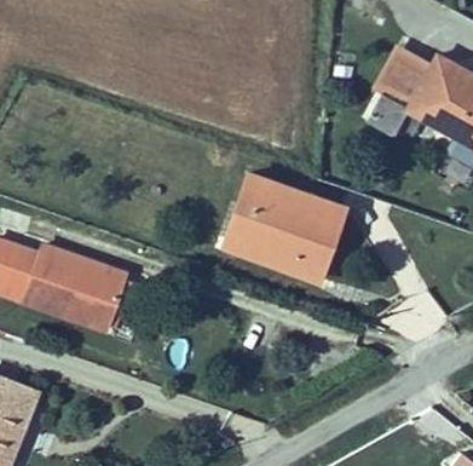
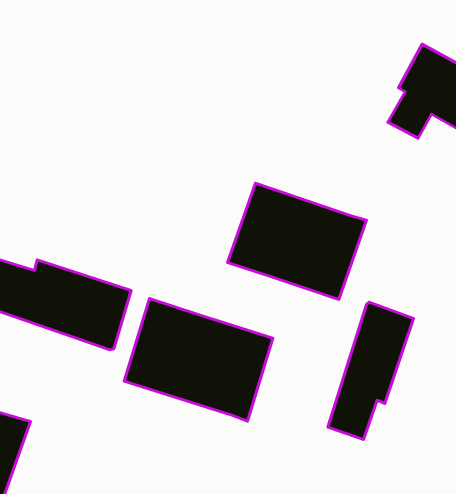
building: none -> [124,298,273,421]
building: none -> [328,302,413,439]

